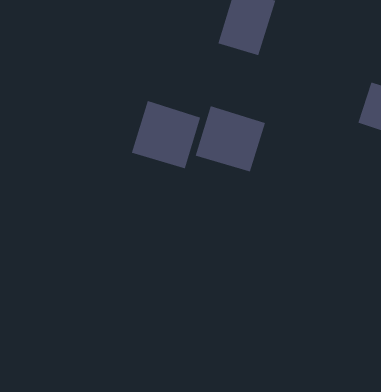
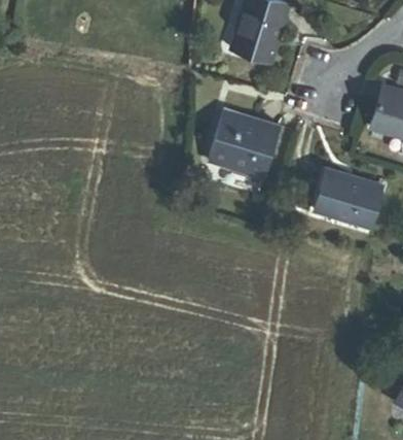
building: [131,100,201,169] -> none
building: none -> [317,170,382,227]

